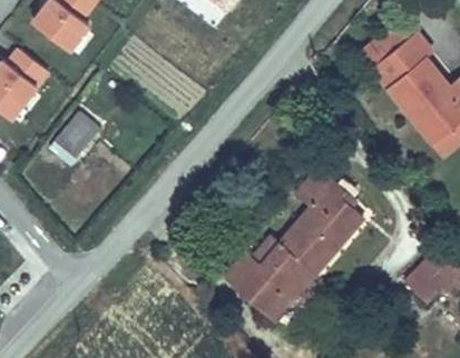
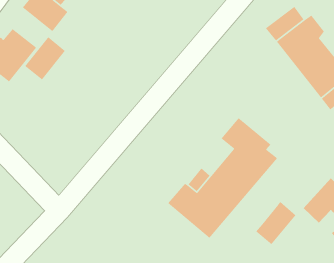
building: [48,108,102,166] -> [24,36,66,81]
building: none -> [255,201,297,245]

